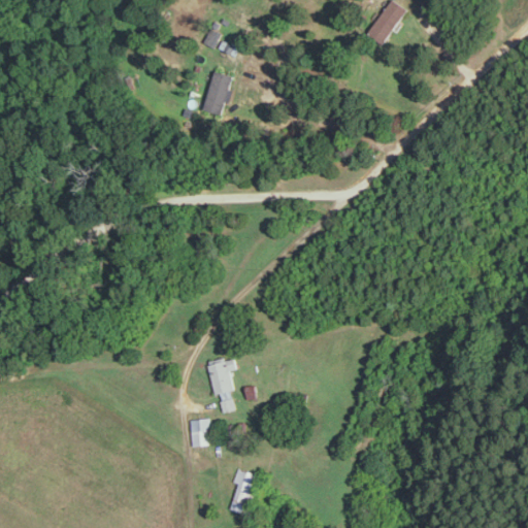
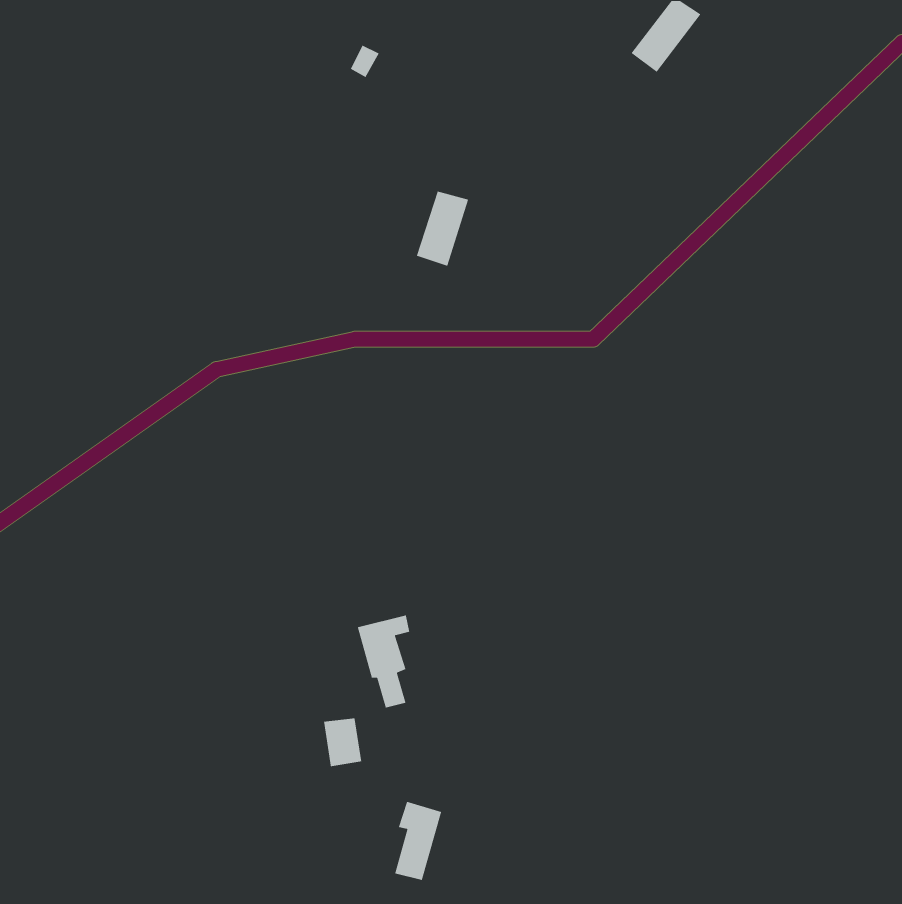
building: [203,71,234,116] -> [416,190,469,267]

